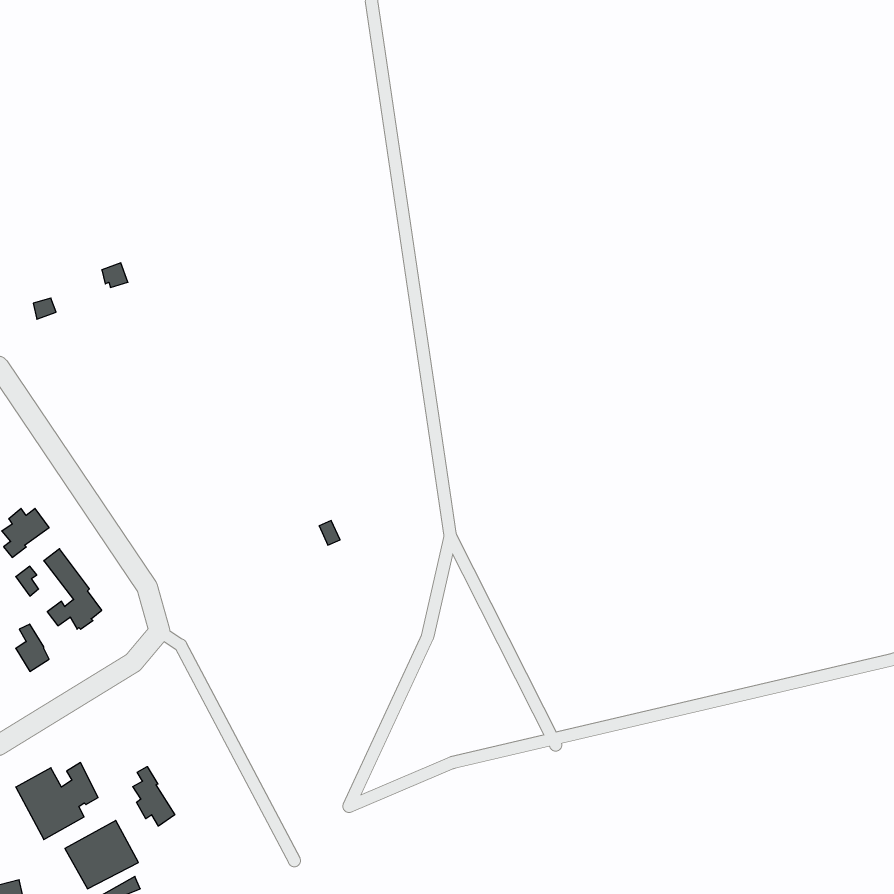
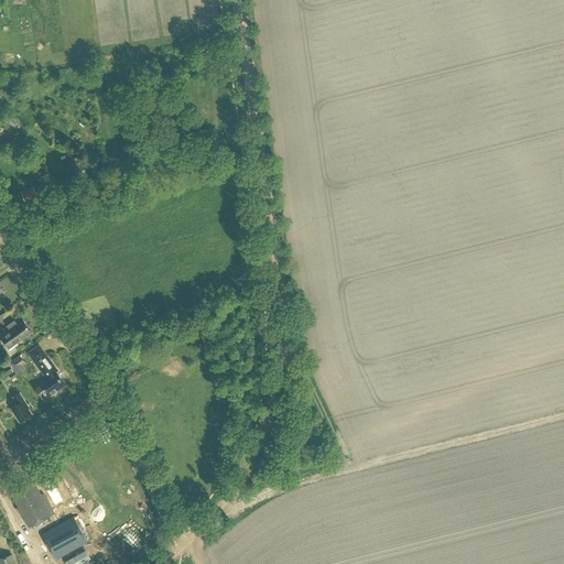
building: [133,767,175,826] -> none

